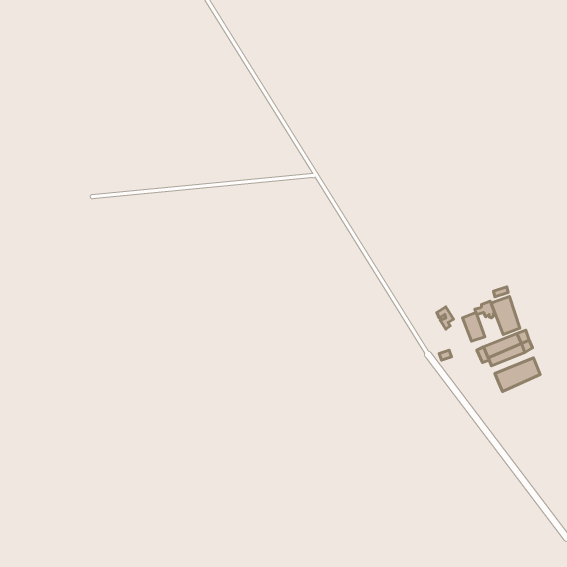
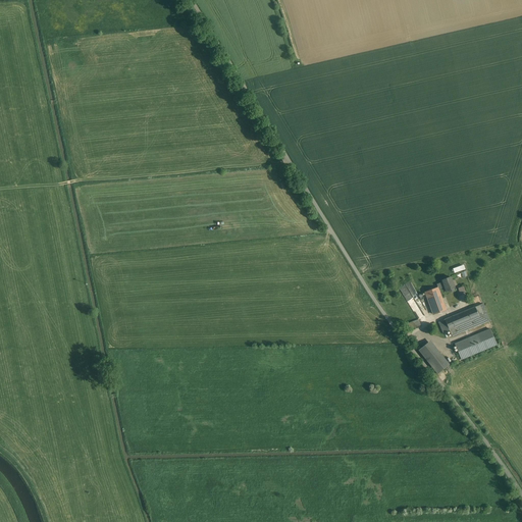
building: [491,297,520,334] -> none
building: none -> [417,340,449,373]

